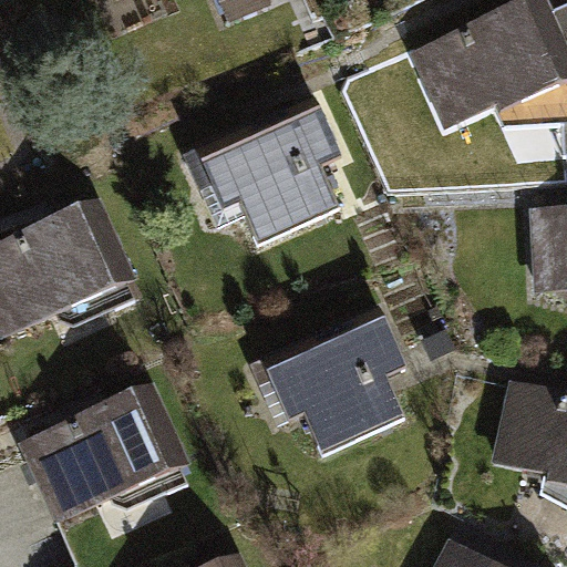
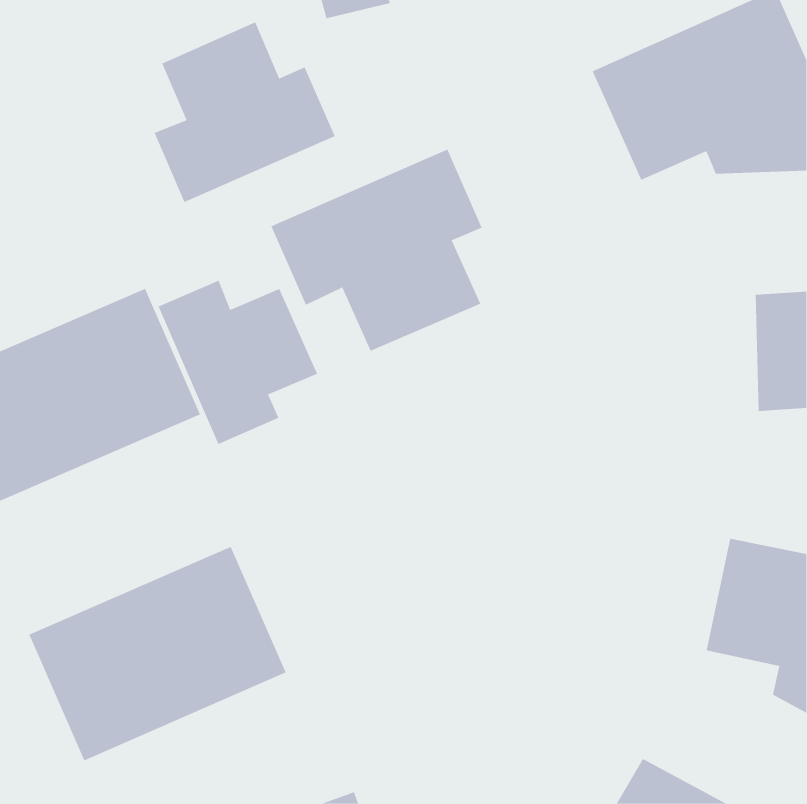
building: none -> [154,21,335,203]
building: none -> [158,280,318,445]
building: [256,311,404,454] -> none

